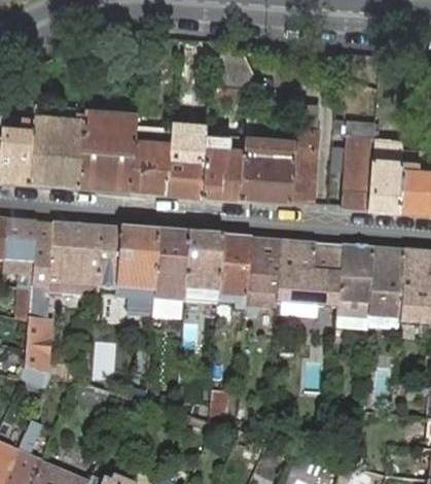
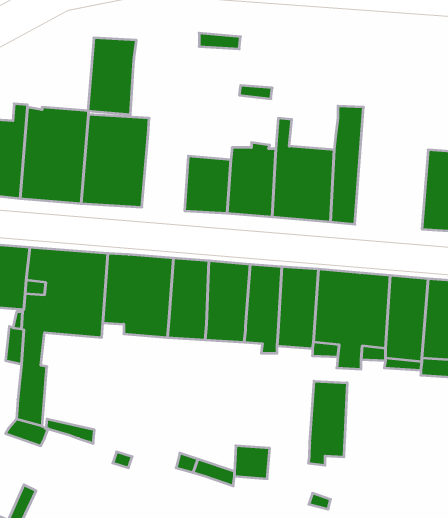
building: [342,118,375,207] -> none
building: [132,127,173,192] -> [88,38,136,115]
building: none -> [309,381,347,465]

